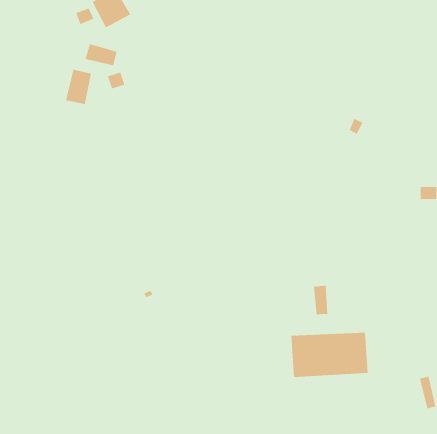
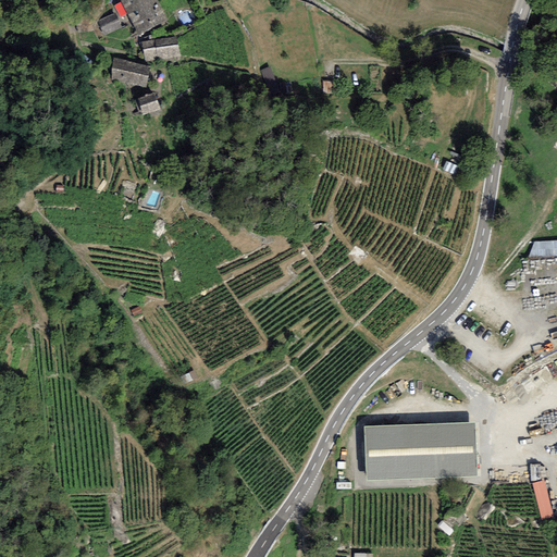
building: none -> [141,35,178,58]
building: [66,69,91,105] -> none
building: [314,285,328,315] -> none

